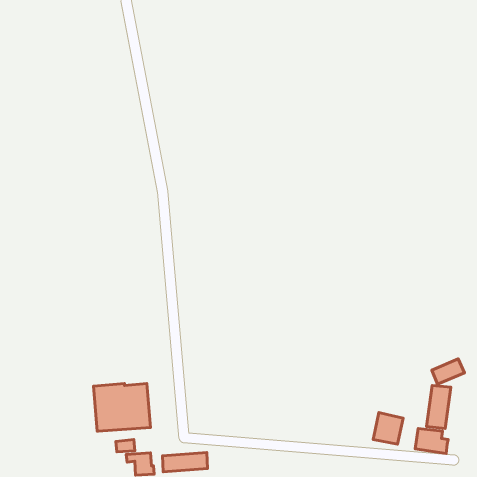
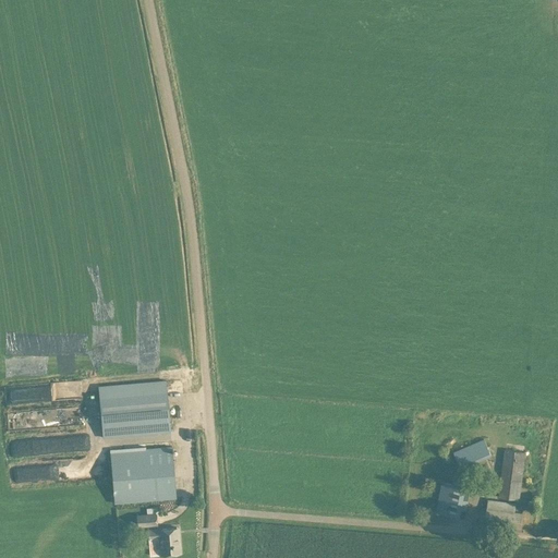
building: none -> [98,380,169,438]
building: [432,359,465,384] -> [452,440,490,470]
building: [163,453,207,472] -> none

